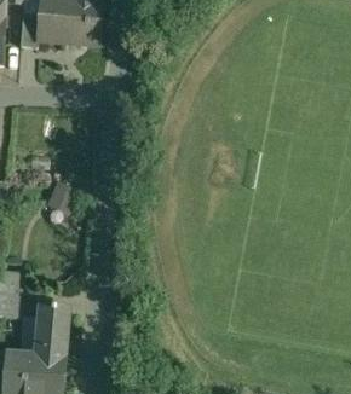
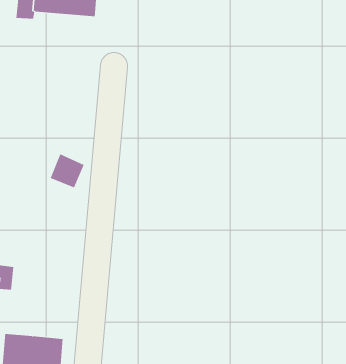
building: [35,308,67,363] -> none

